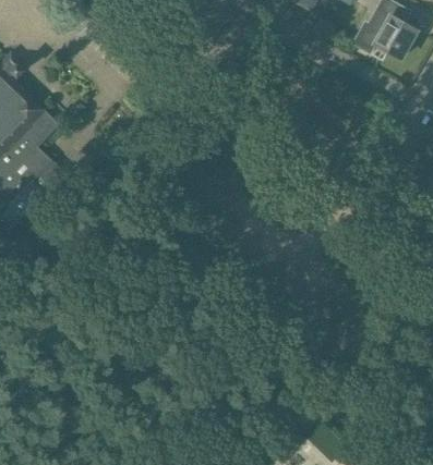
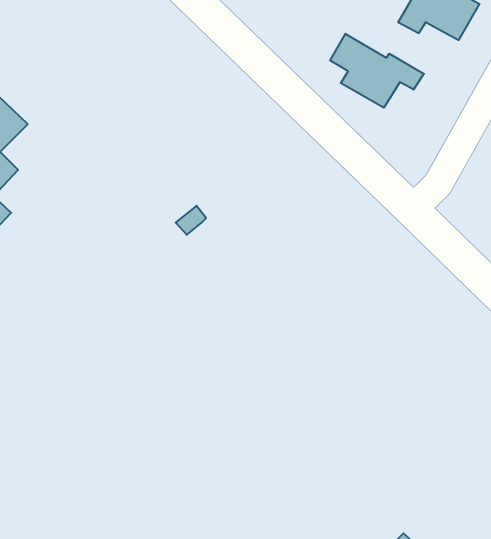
building: none -> [330,34,424,108]

